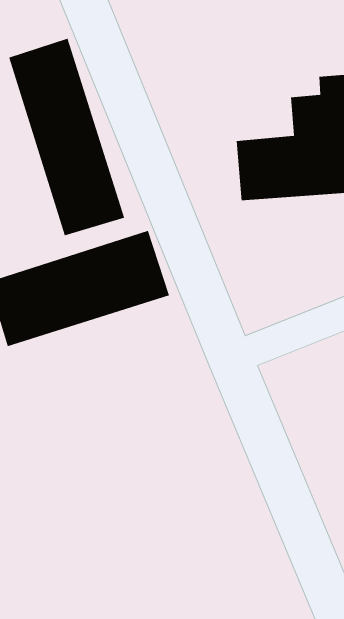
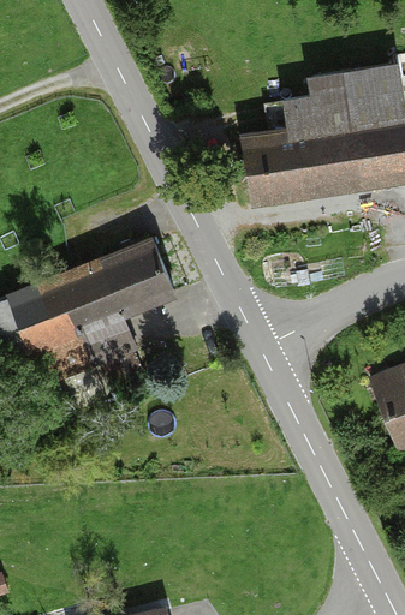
building: [8,38,125,236] -> none

